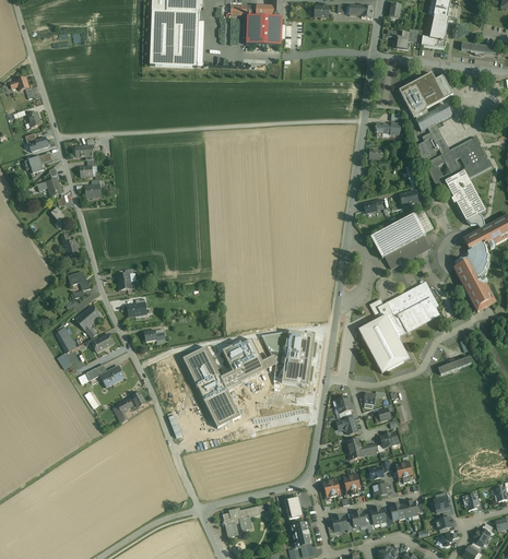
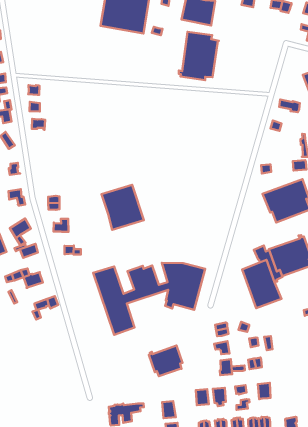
building: none -> [179,32,219,80]
building: none -> [101,185,144,230]
building: none -> [149,346,183,376]

